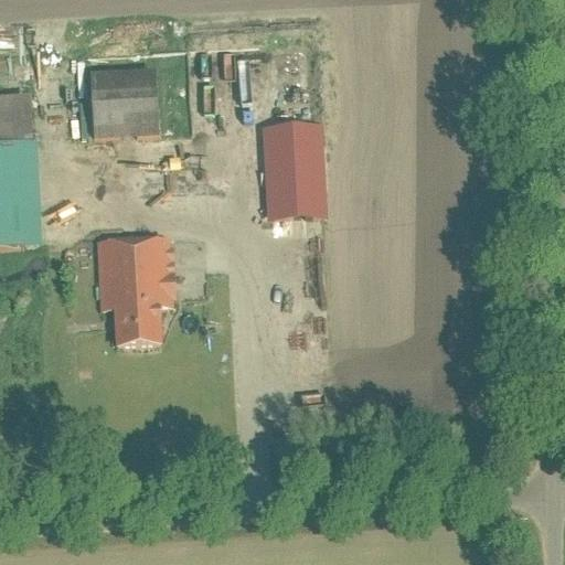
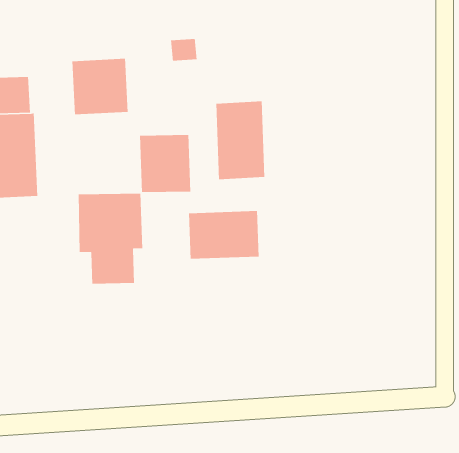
building: none -> [139,134,191,193]
building: none -> [188,210,260,260]

